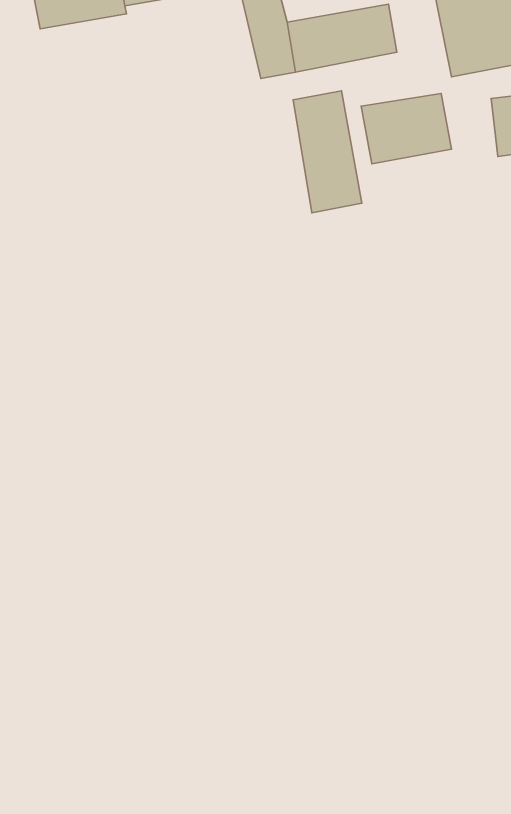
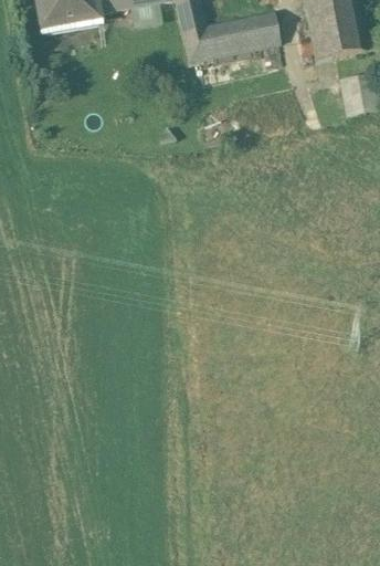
building: [293,91,362,213] -> none
building: [361,94,452,164] -> none

